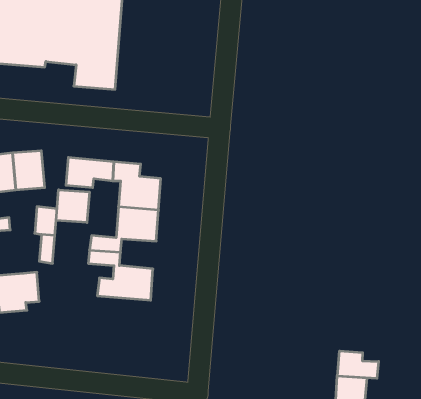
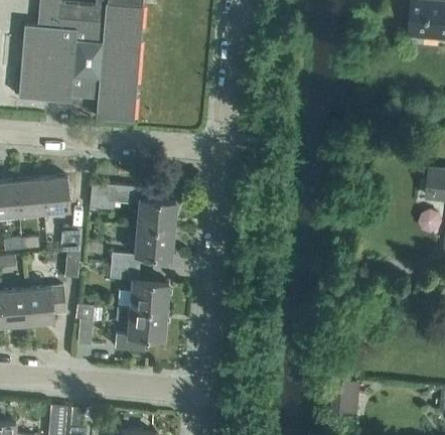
building: [56,190,89,223] -> none
building: none -> [77,304,95,344]
building: none -> [115,307,166,350]
building: [338,351,379,378] -> none

